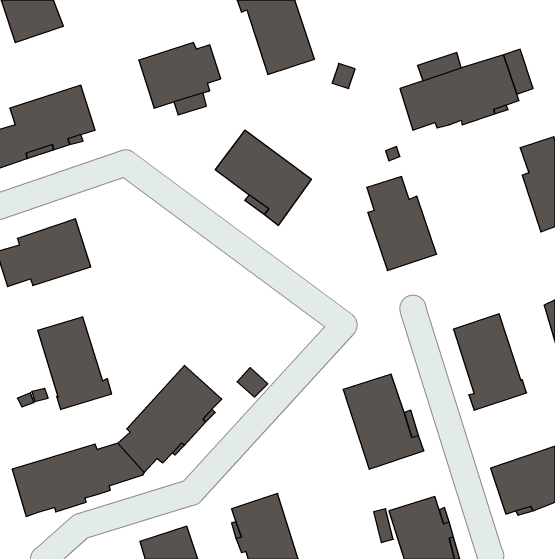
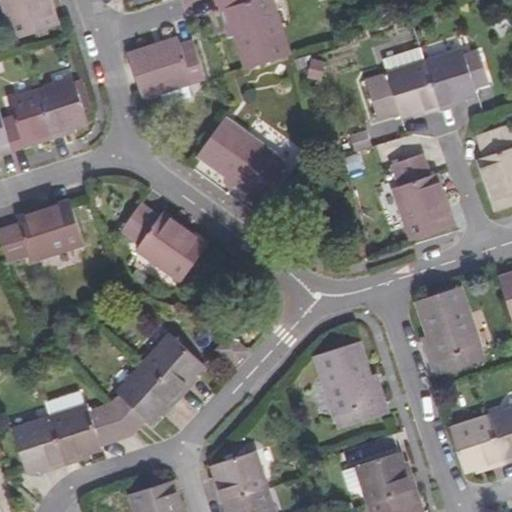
building: [367,177,437,271] -> [390,155,454,241]
building: none -> [120,204,207,282]
building: [38,317,112,410] -> none

